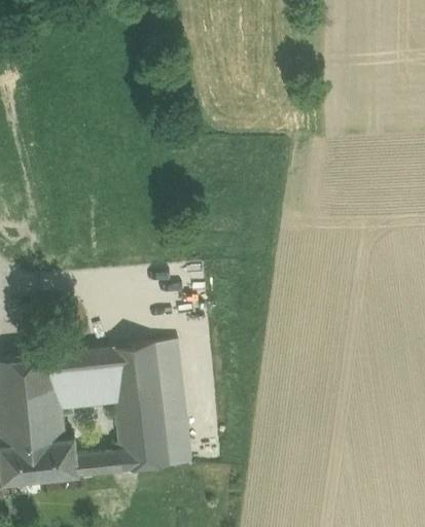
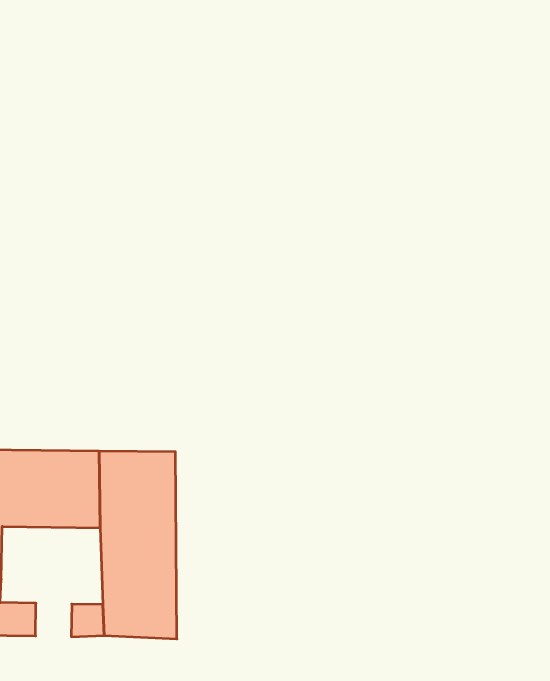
building: [158,342,191,467] -> none
building: [77,452,103,476] -> none

